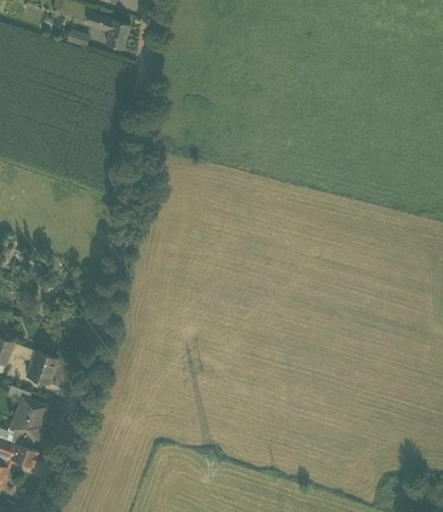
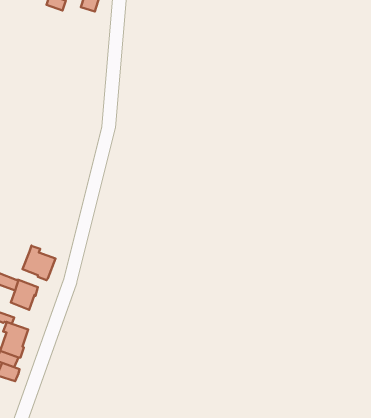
building: none -> [23,246,55,280]

